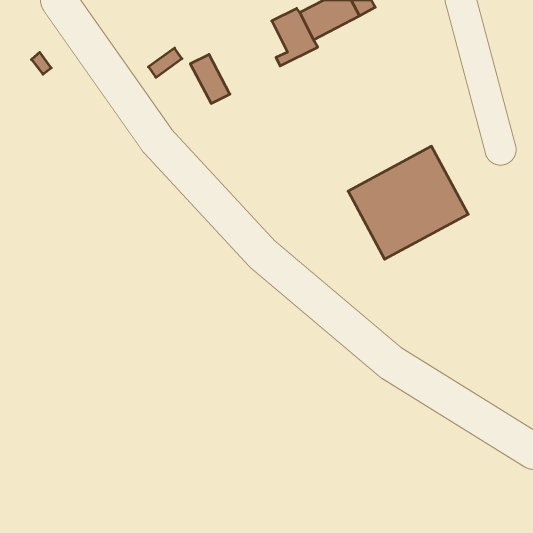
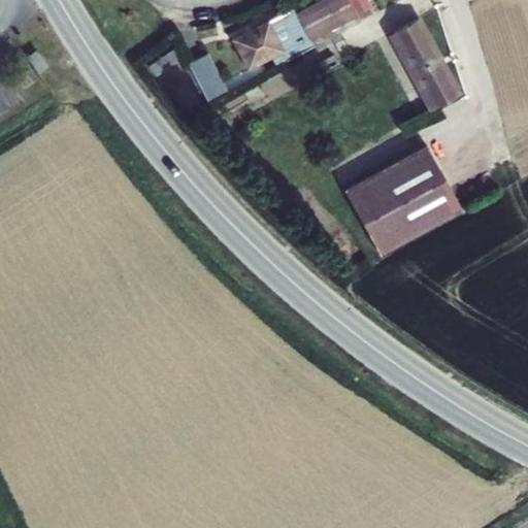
building: none -> [393,20,459,108]
building: none -> [233,22,285,70]

